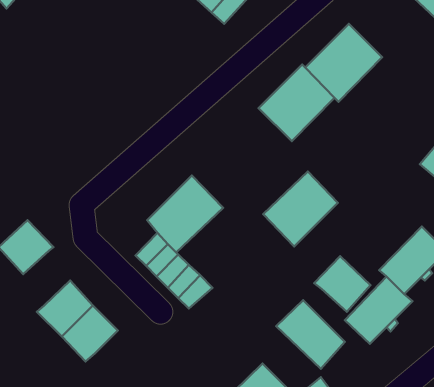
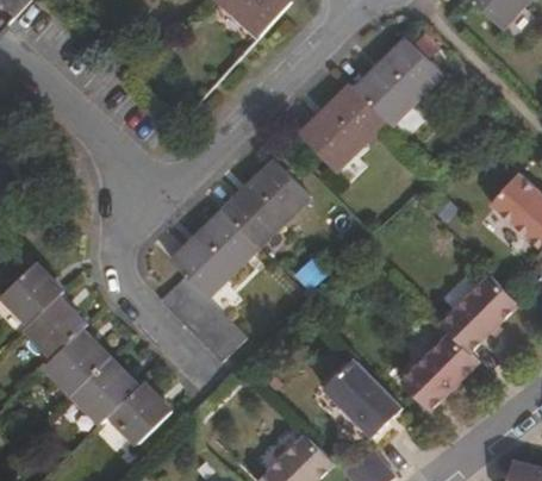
building: [263,172,338,246] -> [223,164,309,250]
building: none -> [24,299,88,362]
building: [314,256,371,312] -> none
building: none -> [112,383,173,444]

